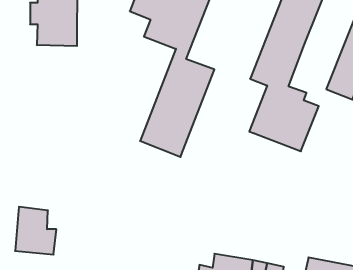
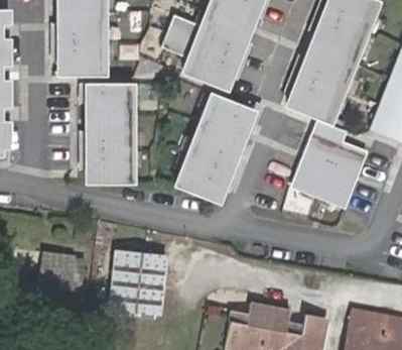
building: none -> [82,88,133,190]
building: none -> [116,251,169,315]

